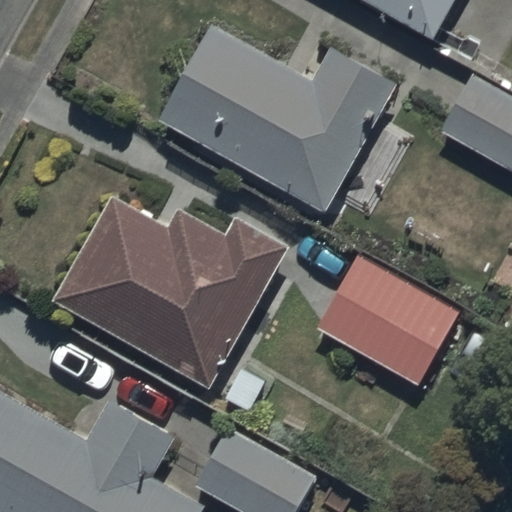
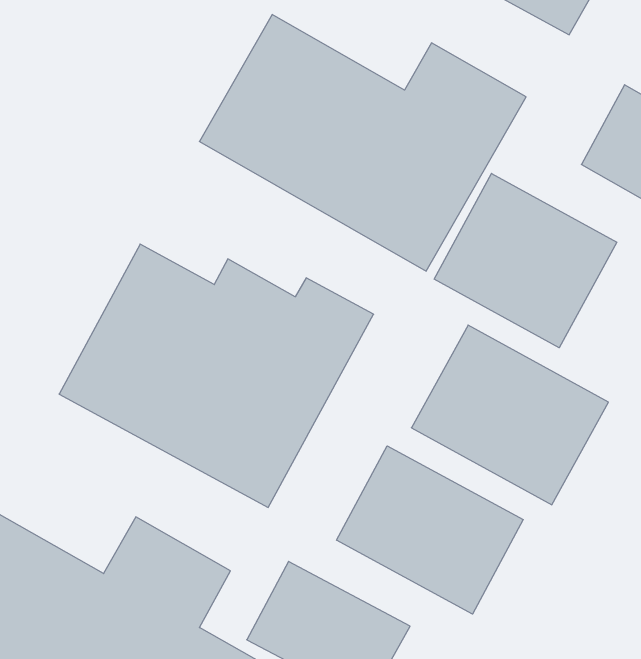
building: none -> [434,173,617,348]
building: none -> [337,446,523,614]

